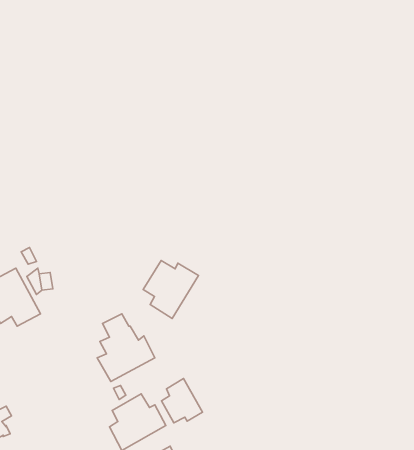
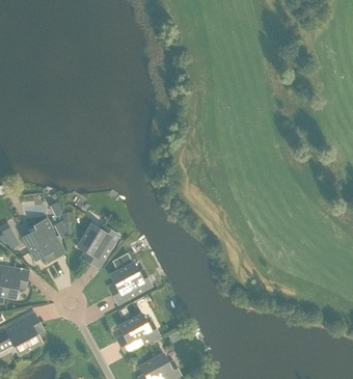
building: [143,260,198,318] -> [76,222,117,266]
building: [162,379,202,423] -> none

